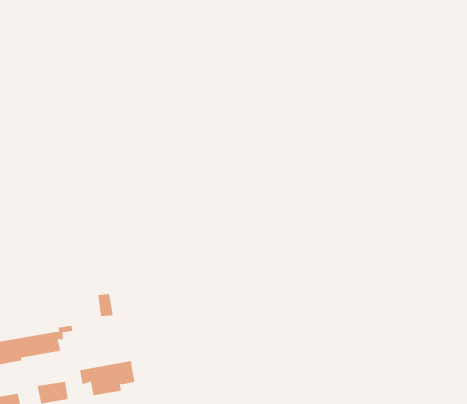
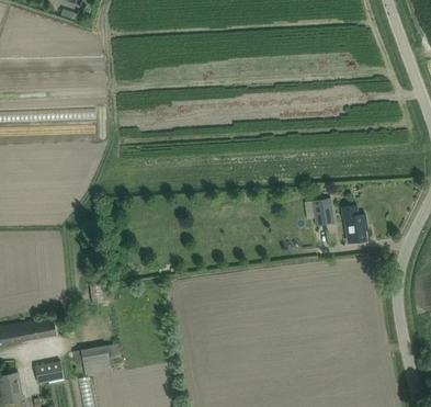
building: none -> [313,199,334,227]
building: none -> [341,205,367,244]

